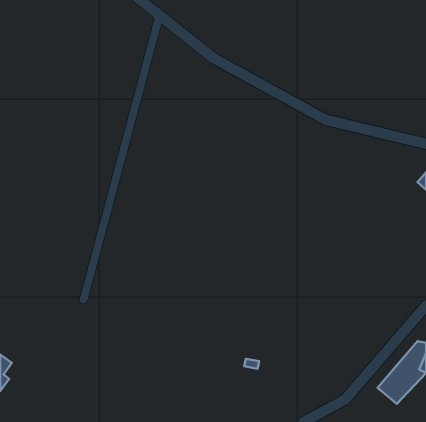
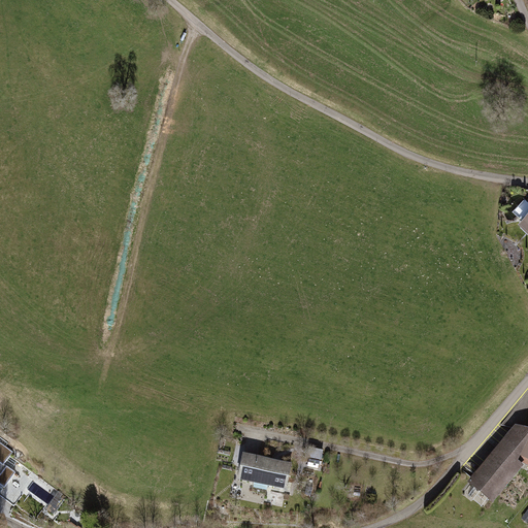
building: none -> [236,450,291,487]

